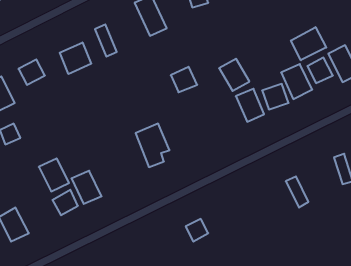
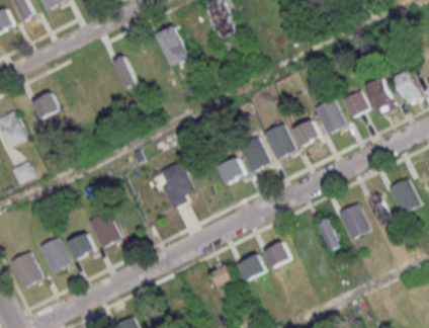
building: [291,27,326,60] -> none
building: [60,42,91,74] -> none
building: [219,59,249,91] -> [239,138,271,172]
building: [171,67,197,92] -> [218,156,246,183]
building: [39,158,69,191] -> [38,237,71,272]
building: none -> [338,203,370,239]
building: none -> [263,241,291,268]
building: none -> [238,252,266,281]

